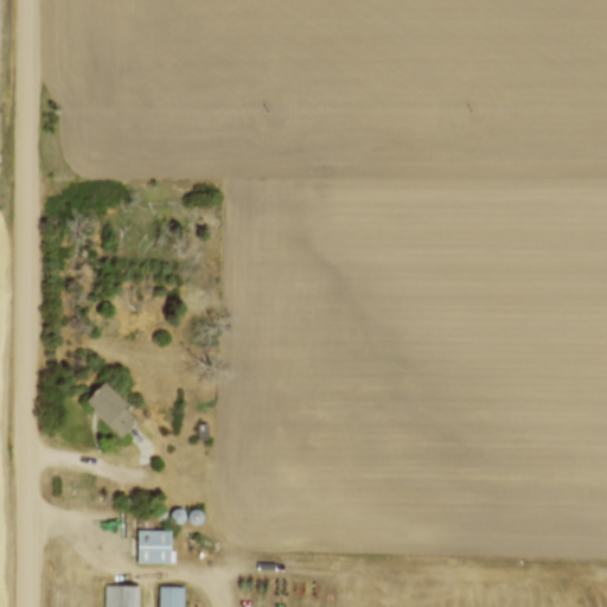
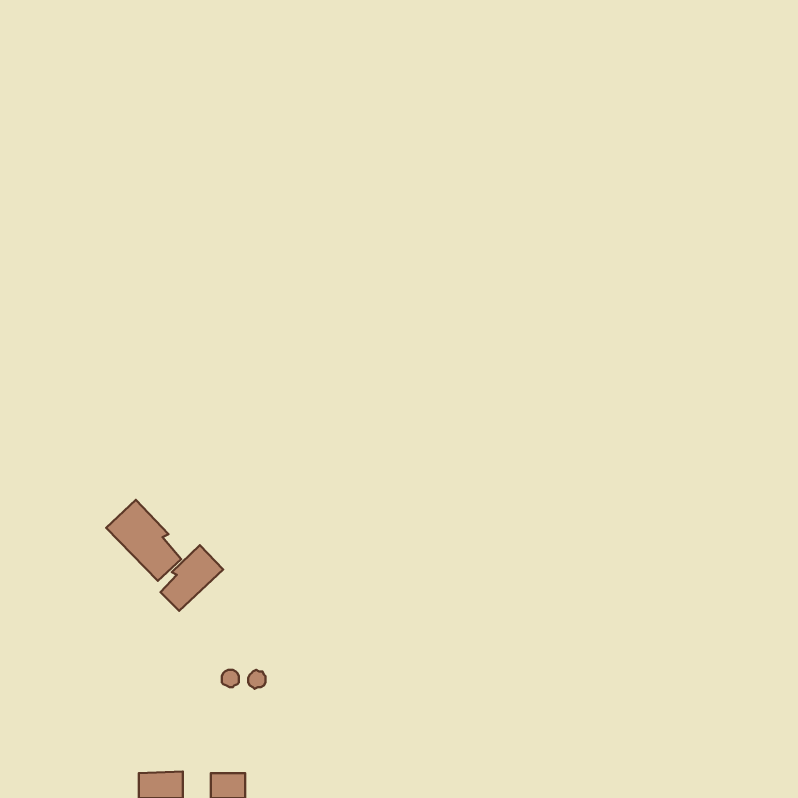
building: none -> [161,545,223,611]
building: [140,530,174,562] -> none

